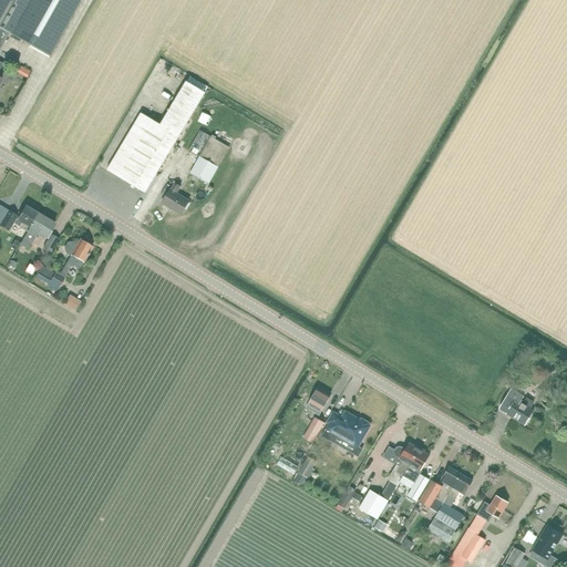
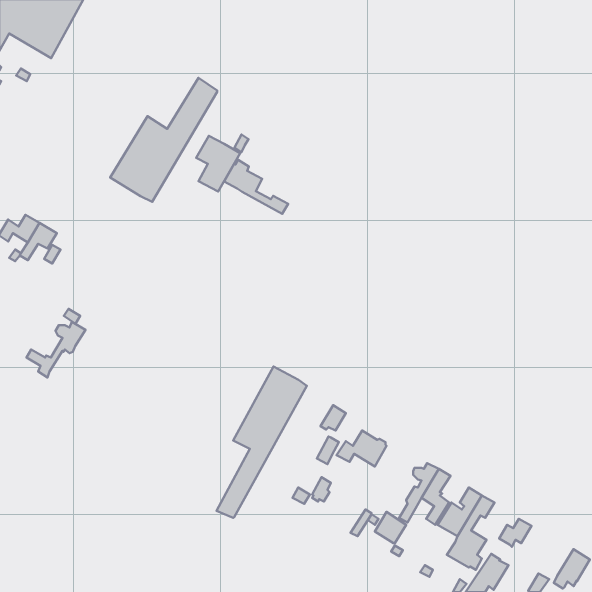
building: none -> [224,160,288,214]
building: [161,182,189,214] -> none
building: [35,238,92,291] -> [26,322,86,377]
building: none -> [217,367,307,518]
building: [498,388,534,425] -> none

